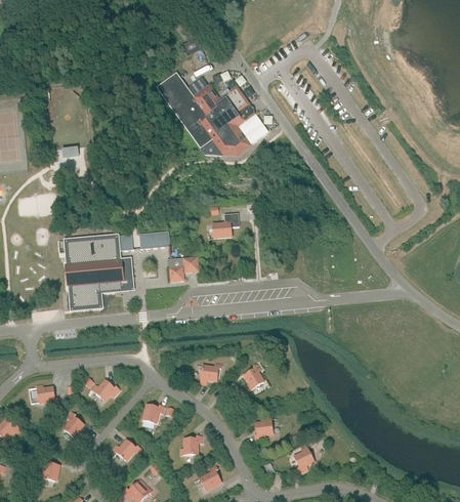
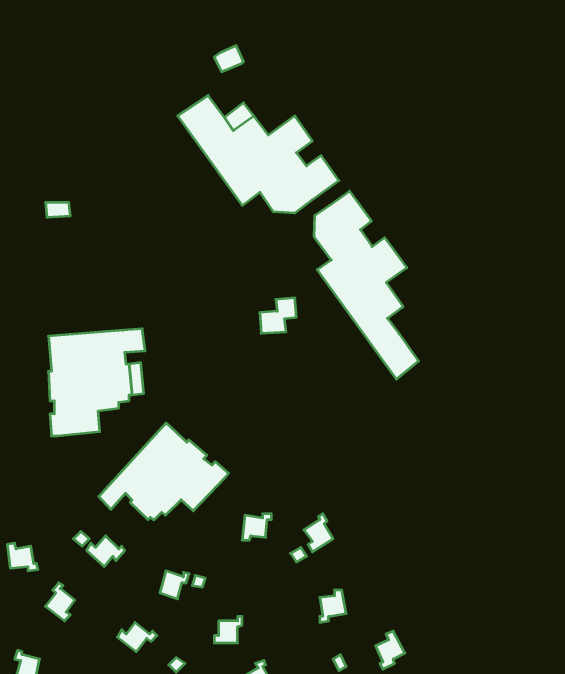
building: none -> [314,191,419,379]
building: [139,231,171,249] -> none
building: [169,257,199,281] -> none
building: none -> [99,423,228,520]

